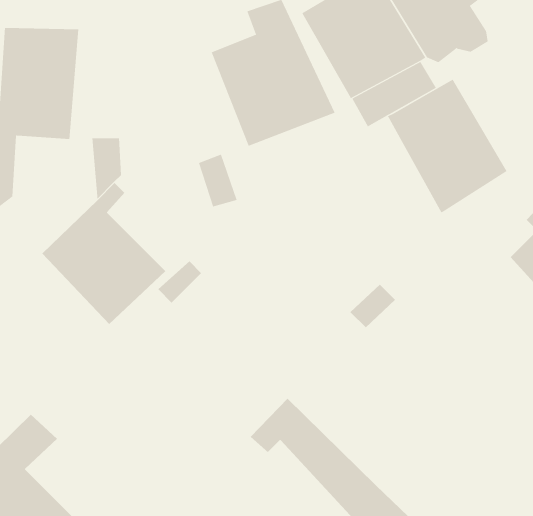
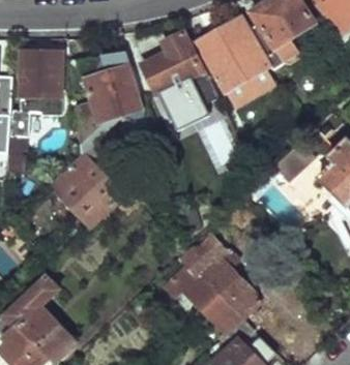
building: none -> [87,65,146,122]
building: [387,79,508,213] -> none
building: none -> [183,234,258,314]

